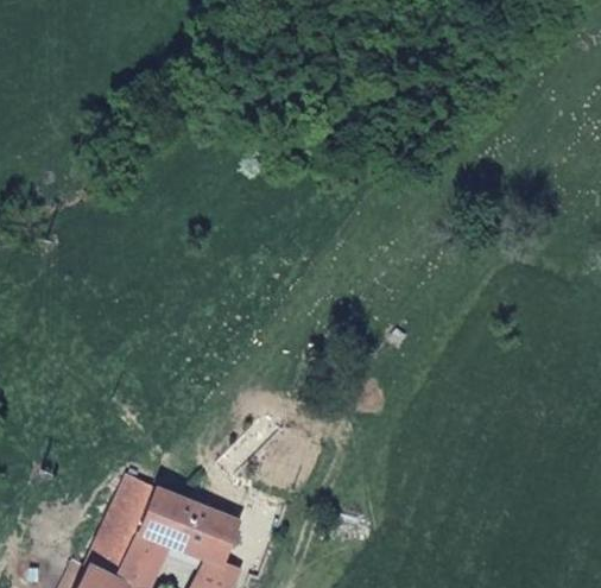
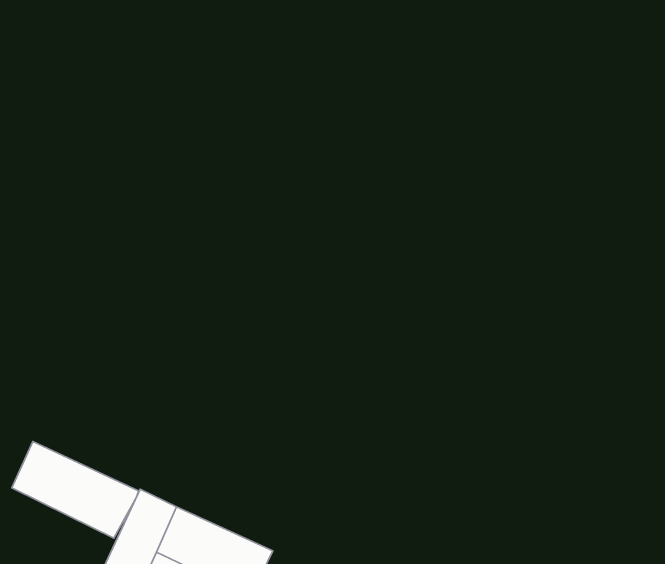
building: none -> [12,441,139,538]

